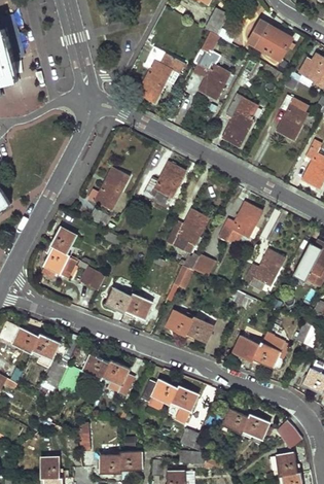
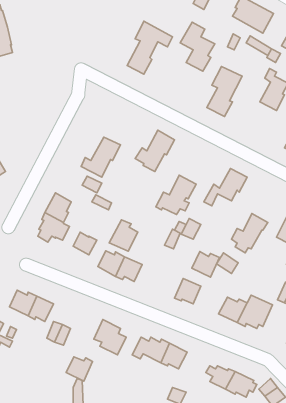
building: none -> [109,220,138,251]
building: [167,310,195,337] -> [192,252,219,277]
building: [83,354,111,380] -> [66,357,93,381]

